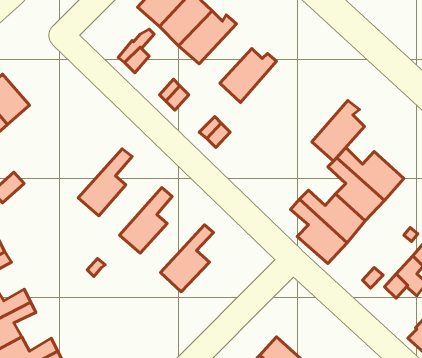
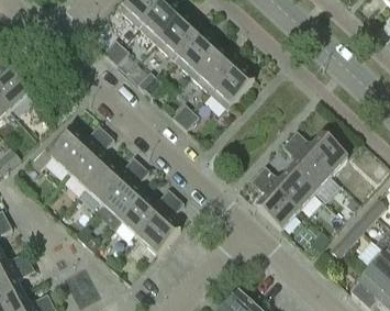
building: none -> [171,24,216,75]
building: [312,101,365,161] -> [207,56,252,108]
building: none -> [44,124,105,173]
building: none -> [86,157,140,204]
building: none -> [121,188,176,236]

